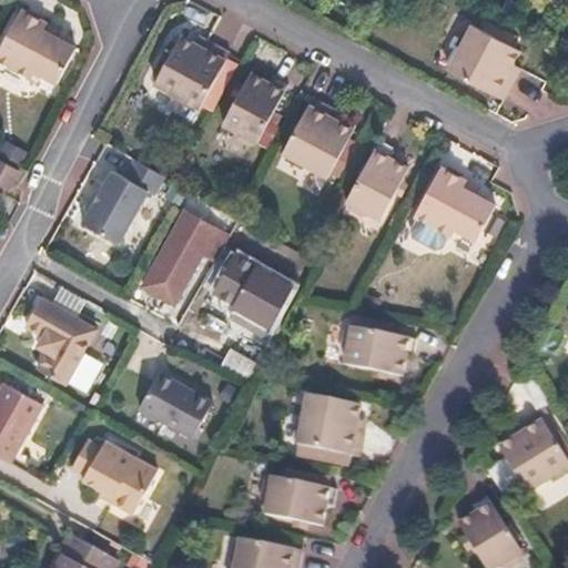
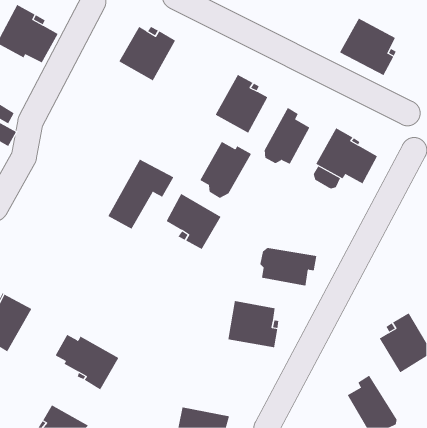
building: [223,70,292,145] -> [200,141,252,199]
building: [84,160,165,244] -> none
building: [26,300,97,386] -> none
building: [139,374,211,438] -> none
building: [262,475,335,525] -> none

